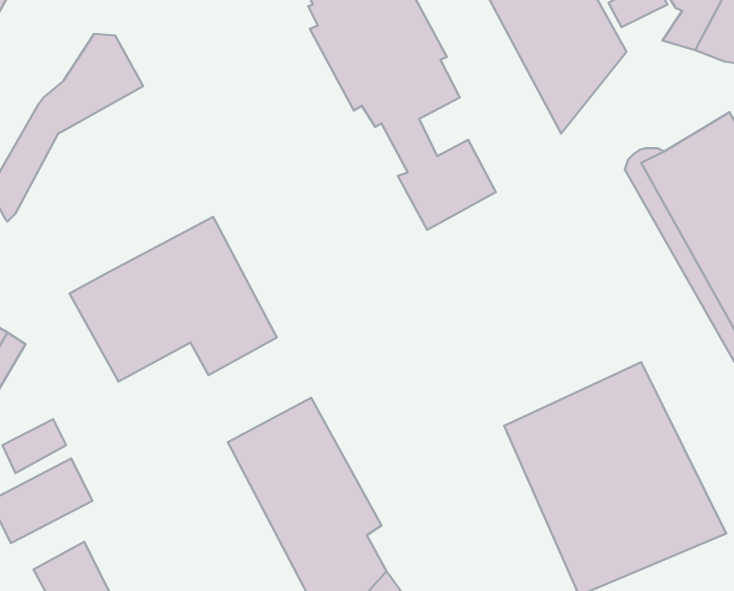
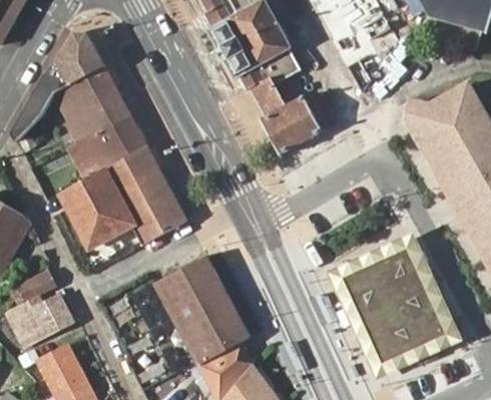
building: none -> [54,64,147,179]

